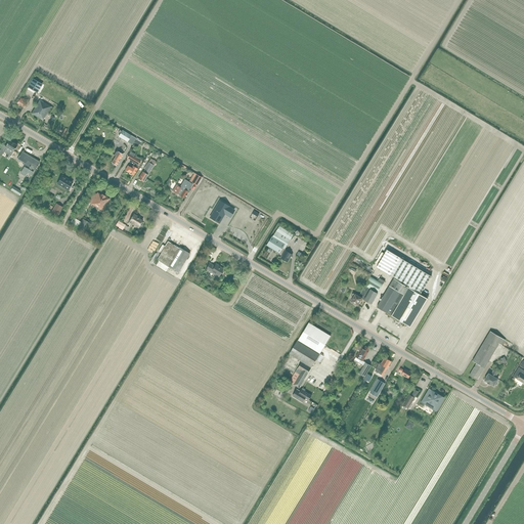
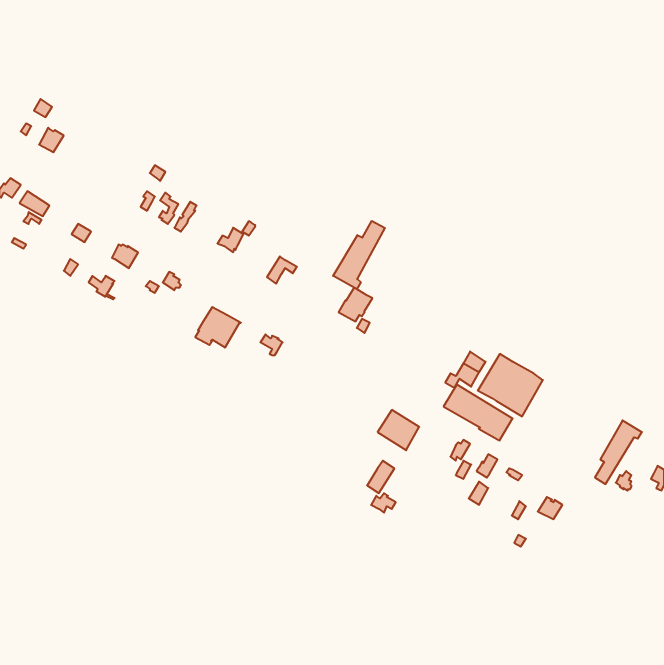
building: none -> [333,221,385,289]
building: [376,250,430,294] -> [444,385,513,440]
building: [289,341,318,367] -> none

